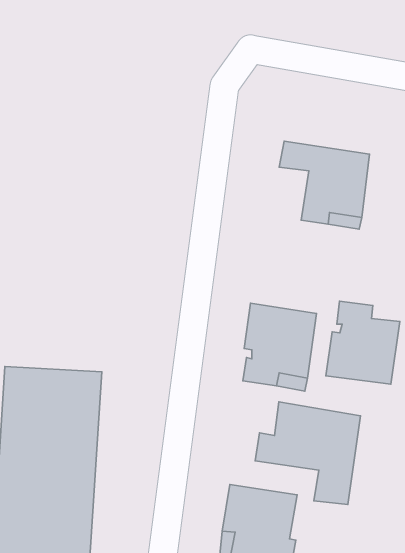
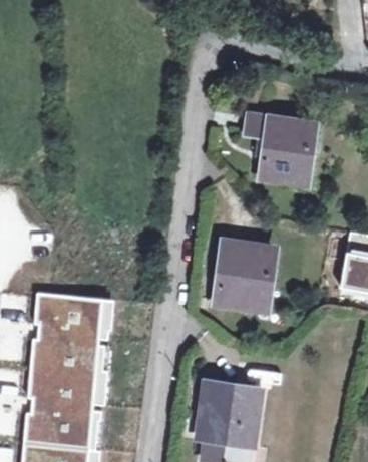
building: [326,301,400,384] -> none
building: [255,402,360,504] -> none

